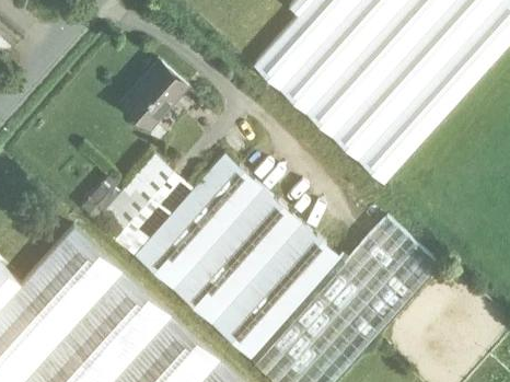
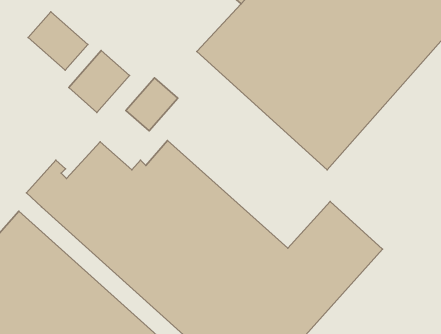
building: none -> [28,12,88,70]
building: none -> [126,78,178,131]

